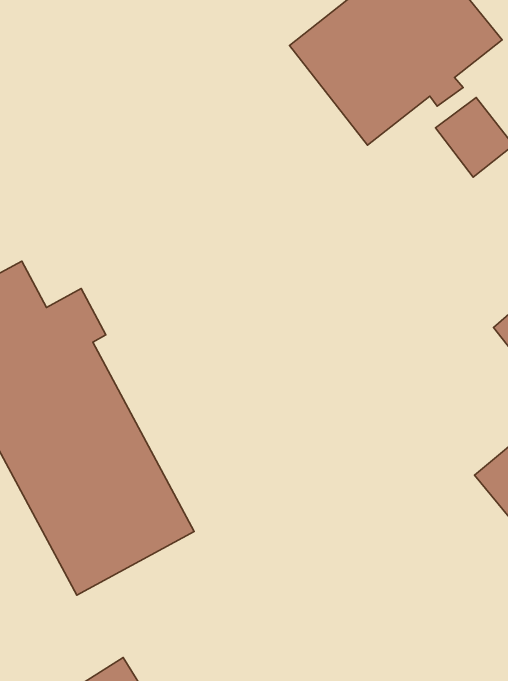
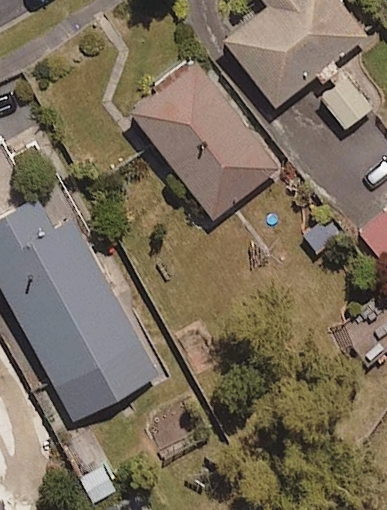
building: none -> [128,58,279,219]

